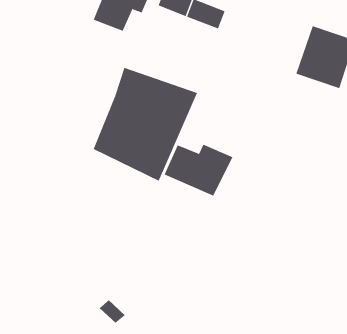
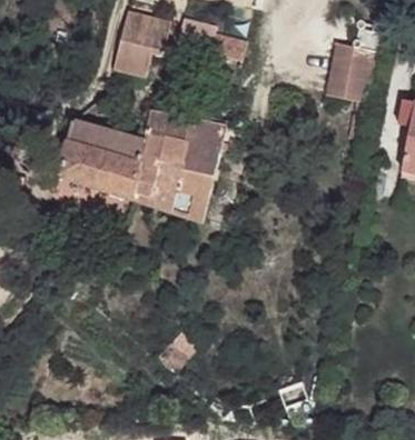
building: none -> [56,119,146,197]
building: [164,144,233,197] -> none

